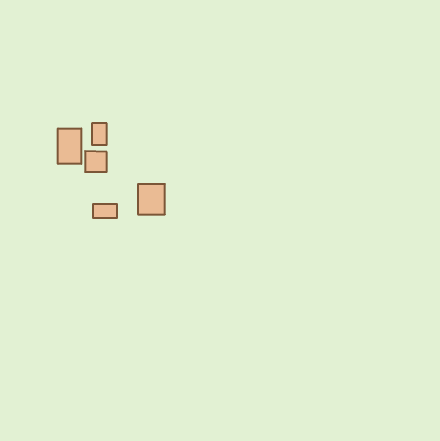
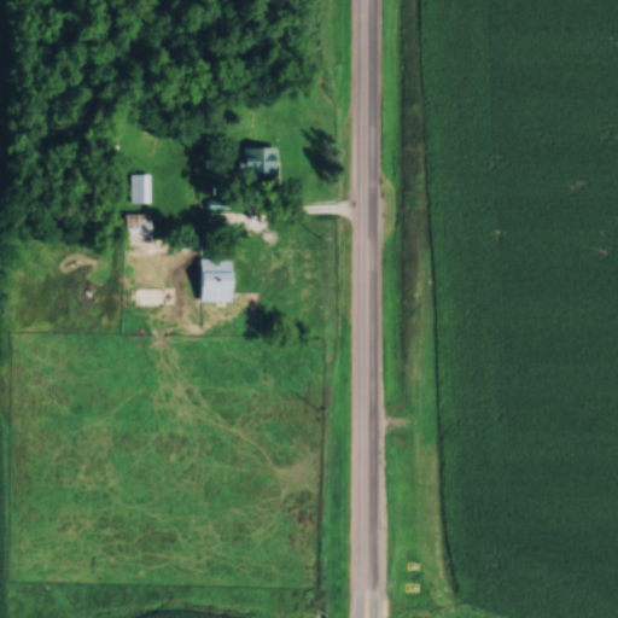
building: none -> [243,147,276,176]
building: [58,128,81,164] -> none

